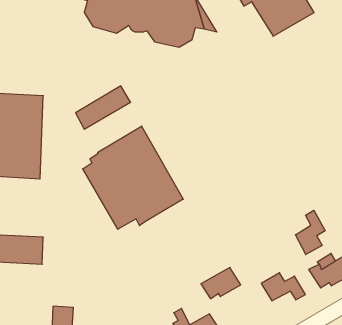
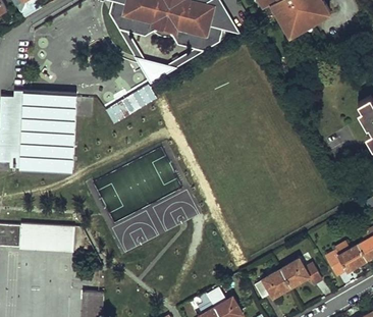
building: [83,126,183,229] -> none
building: [295,210,325,255] -> none
building: [201,267,241,299] -> [253,271,290,301]

